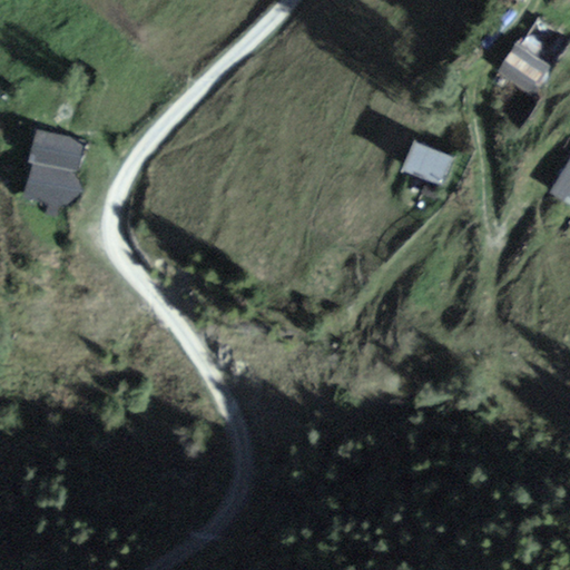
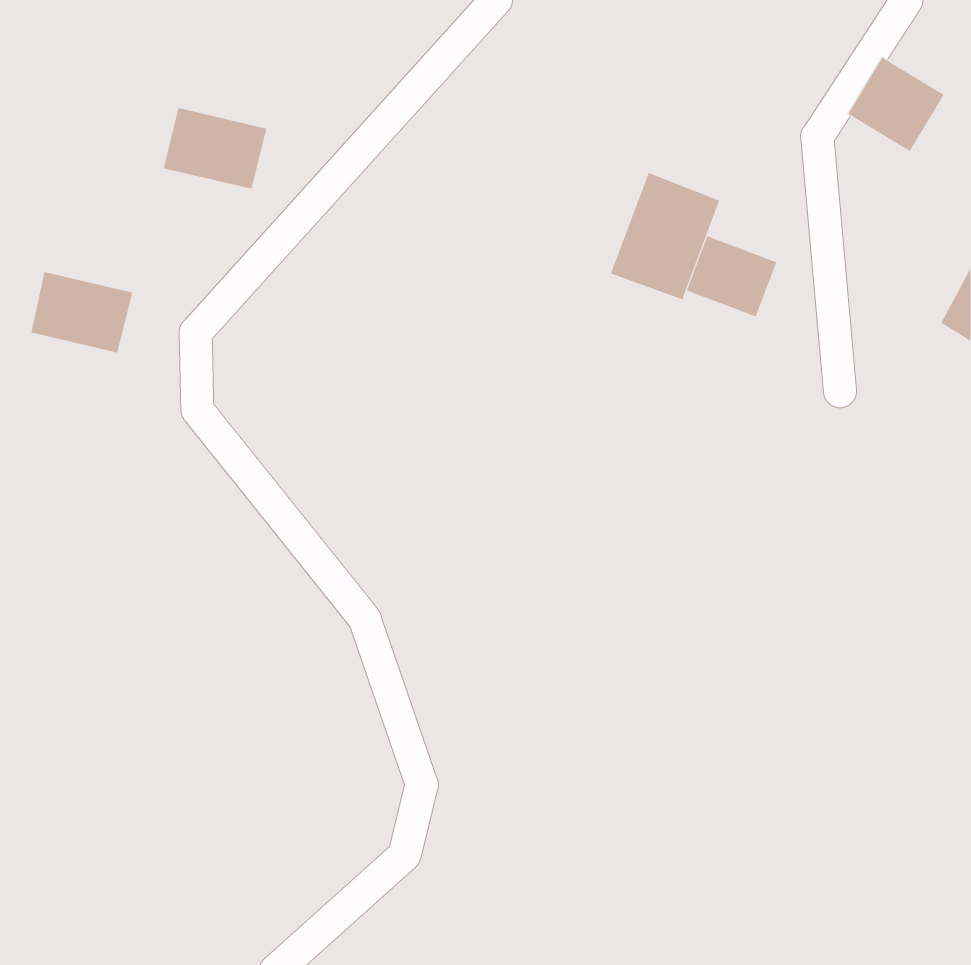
building: none -> [610,172,720,300]
building: [26,127,87,175] -> [163,108,267,189]

